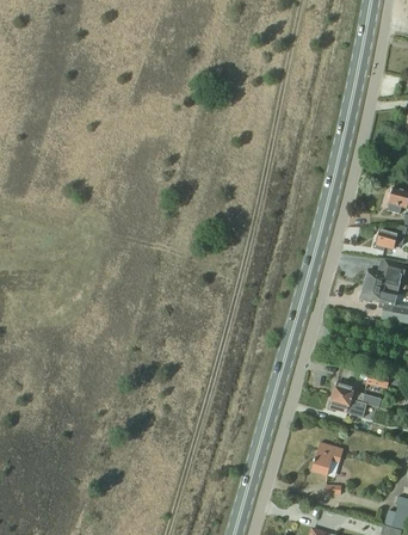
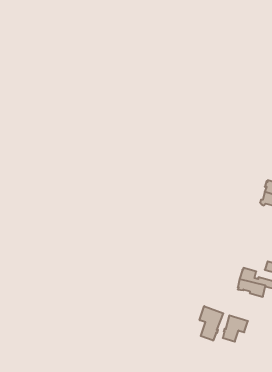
building: none -> [200,306,223,341]

